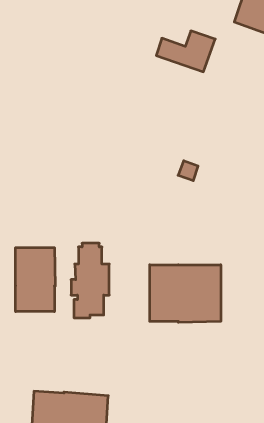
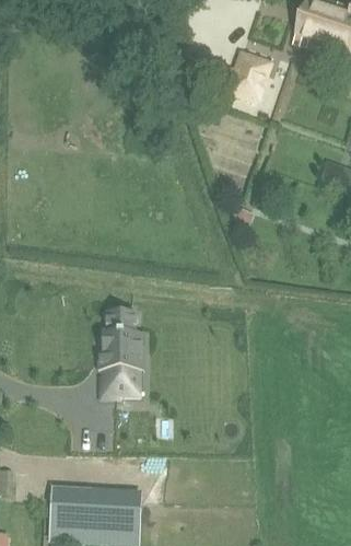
building: [16,248,55,312] -> none
building: [150,265,221,322] -> none

